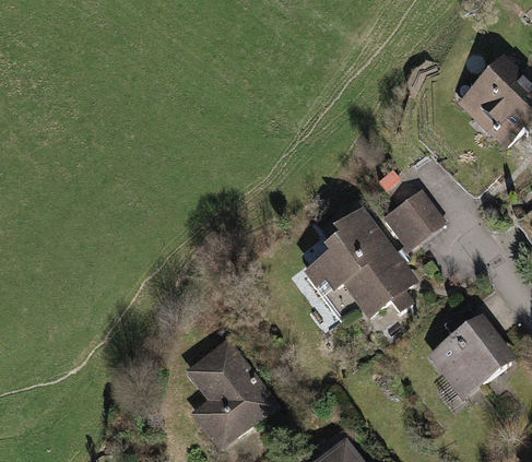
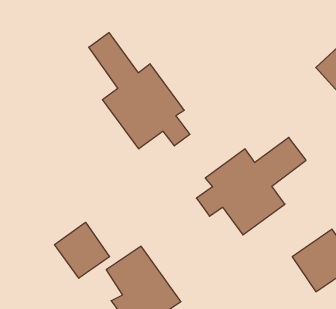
building: none -> [89,33,190,149]
building: none -> [55,222,110,278]

